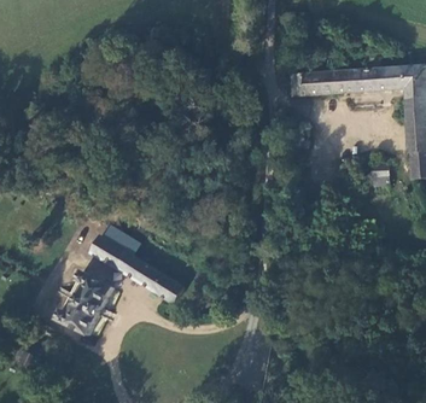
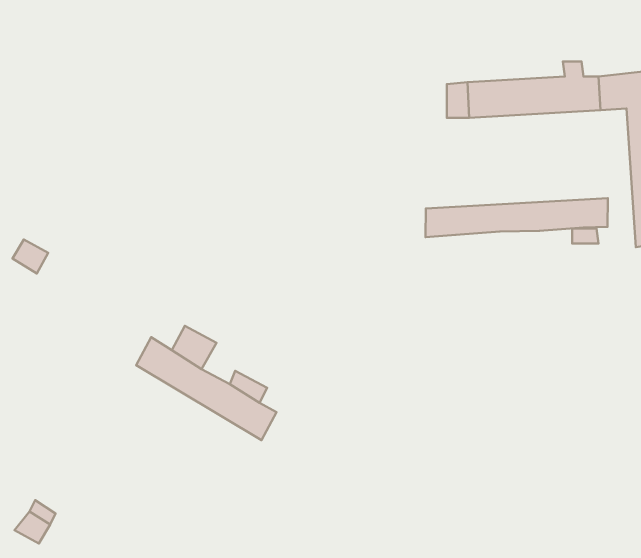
building: none -> [425,198,608,237]
building: [57,269,115,335] -> none

